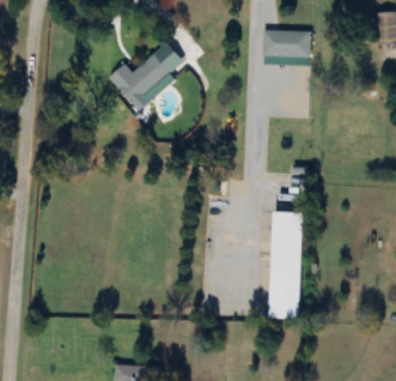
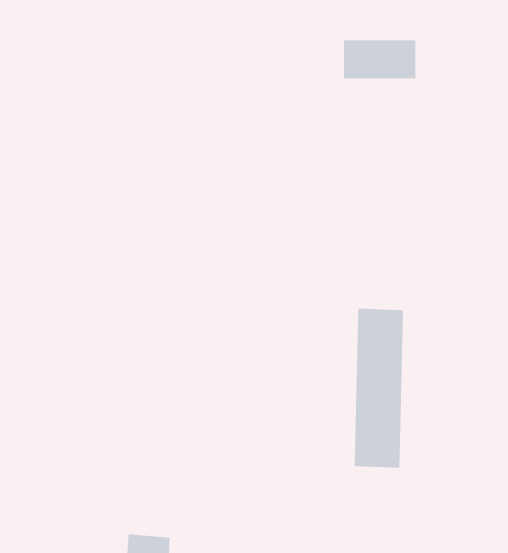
building: [108,46,176,104] -> none

